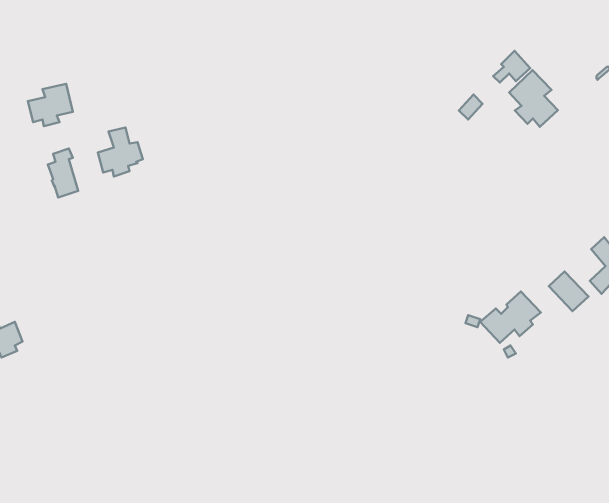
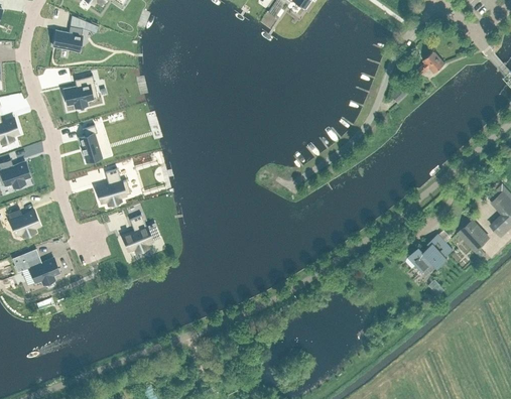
building: none -> [53,27,83,51]
building: [509,70,558,127] -> none
building: [98,128,143,176] -> [97,169,131,207]
building: none -> [123,216,153,254]

